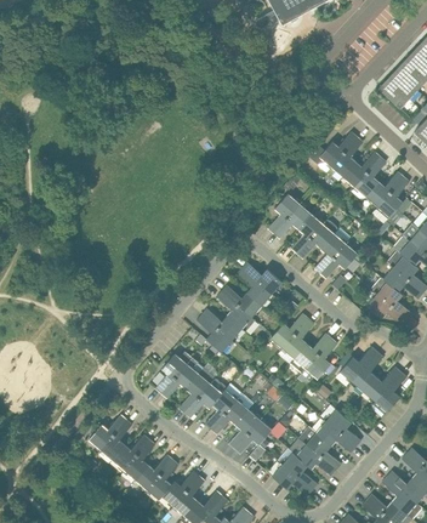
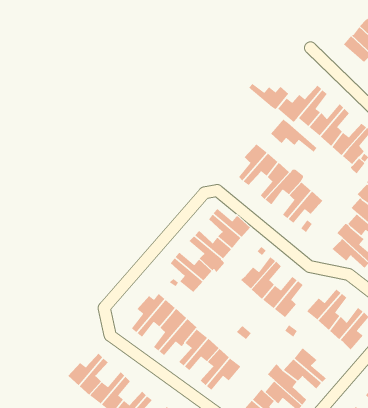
building: none -> [248,83,289,110]
building: none -> [270,119,317,153]

